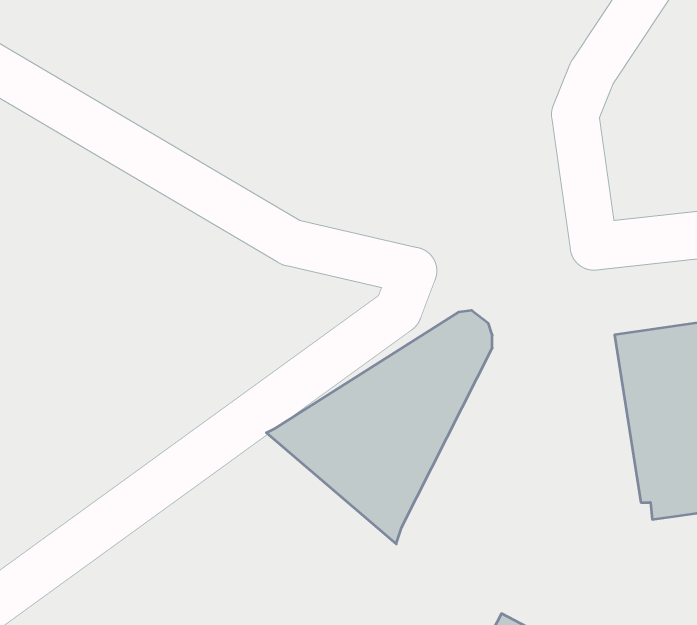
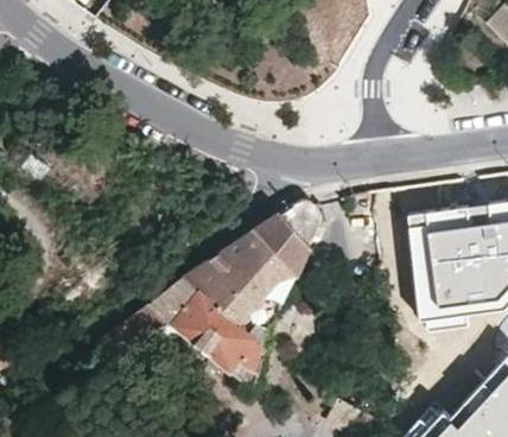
building: none -> [96,274,266,384]

